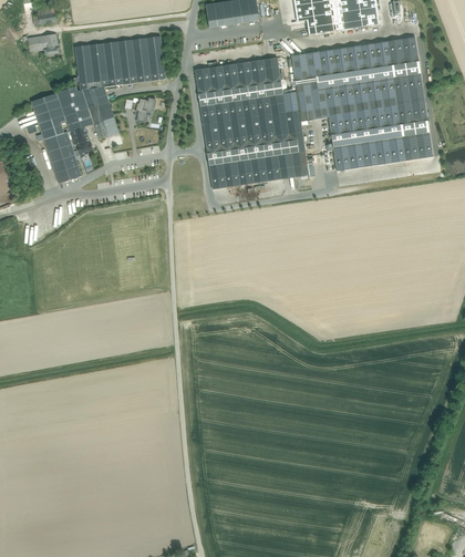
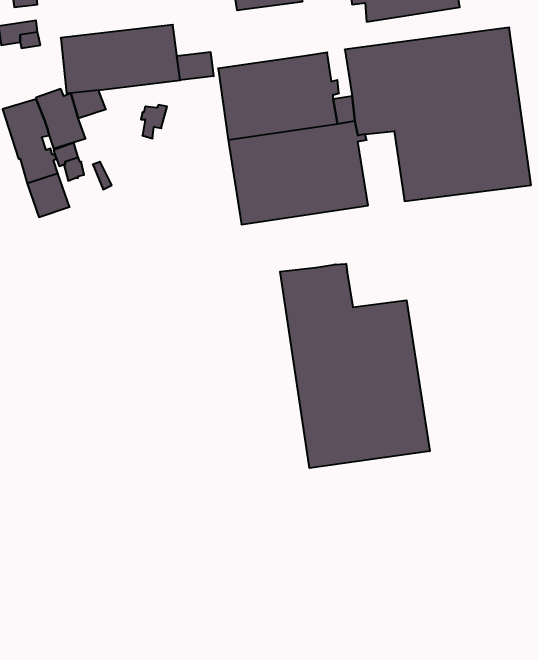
building: none -> [177,52,214,80]
building: [87,101,118,138] -> none
building: none -> [280,264,430,468]

